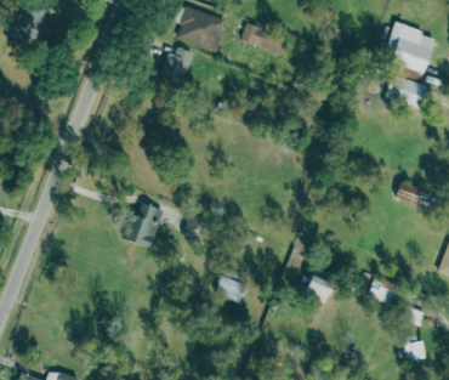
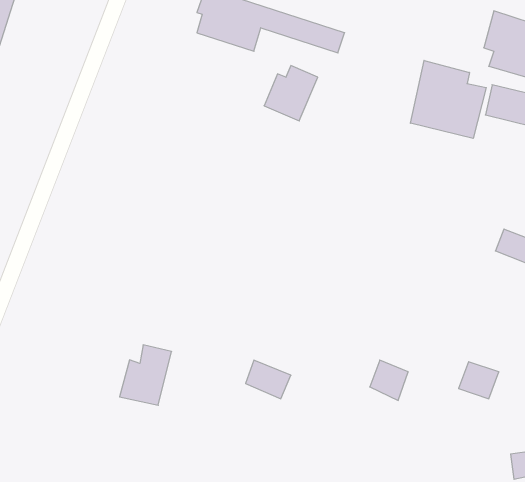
building: [159,46,198,86] -> [264,66,318,121]
building: none -> [410,60,486,138]
building: [125,204,163,248] -> [120,345,172,405]

